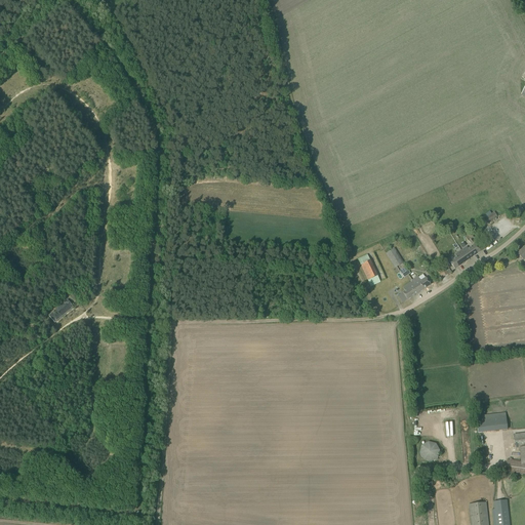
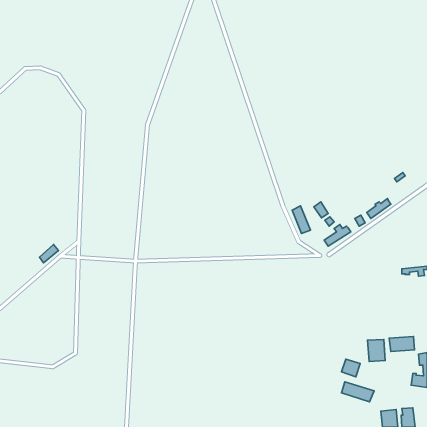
building: none -> [368,340,385,362]
building: none -> [342,382,374,402]

